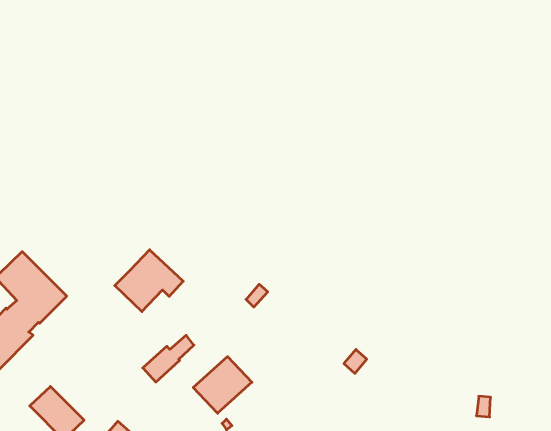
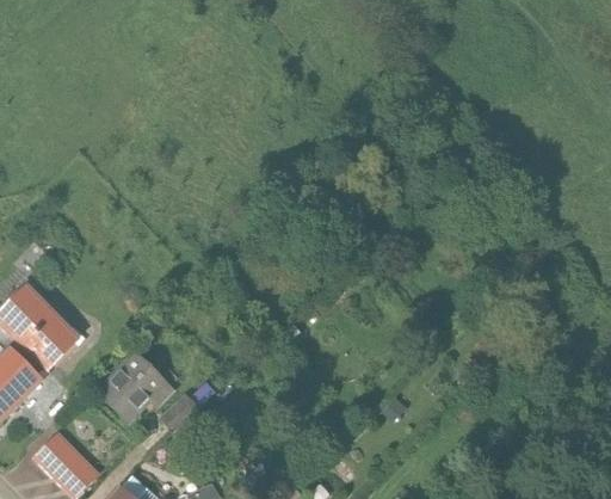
building: [115,250,183,312] -> [99,352,174,420]
building: [193,357,252,413] -> none

